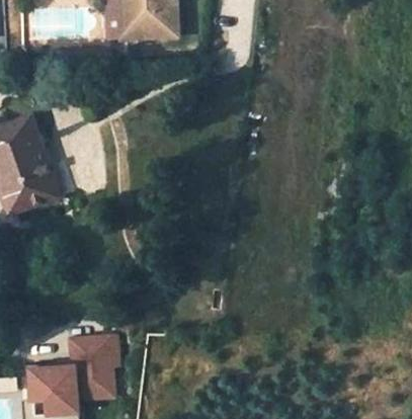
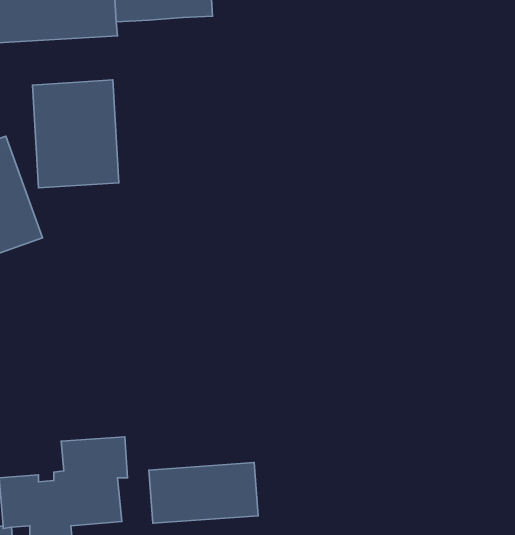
building: none -> [32,80,119,188]
building: none -> [149,463,258,523]

